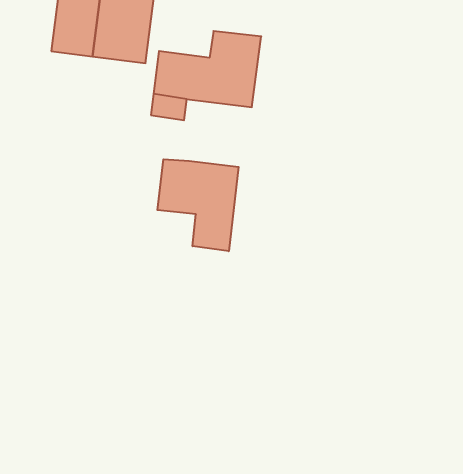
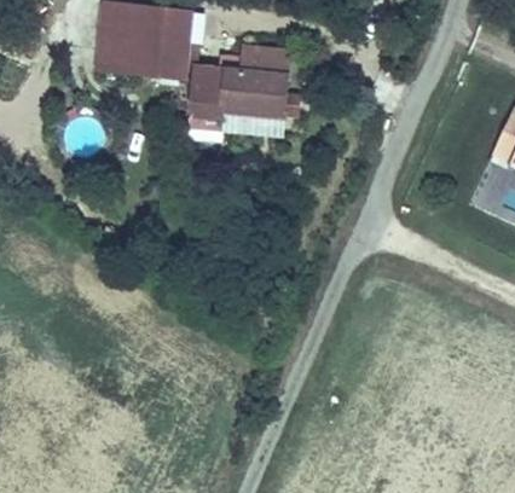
building: [157,159,239,251] -> none

